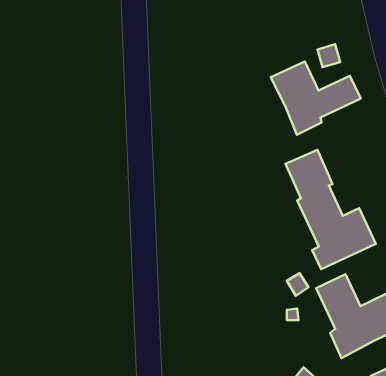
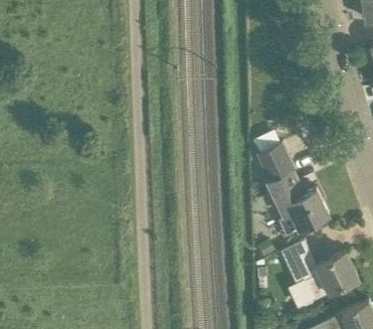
building: [271,61,361,135] -> none

